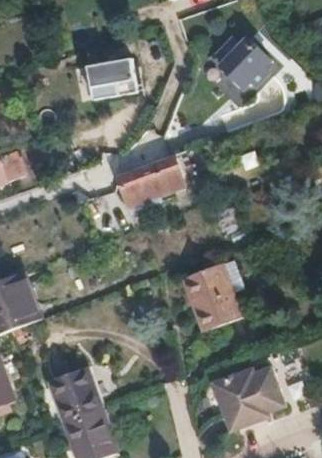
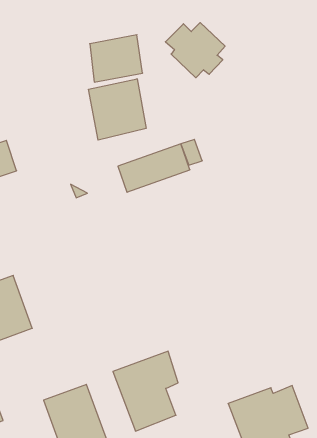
building: [219,39,272,88] -> [165,23,225,78]
building: none -> [89,79,146,140]
building: [184,261,242,332] -> [113,351,178,431]

